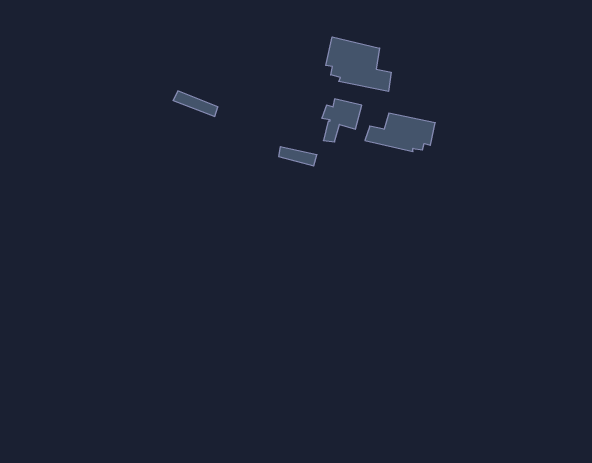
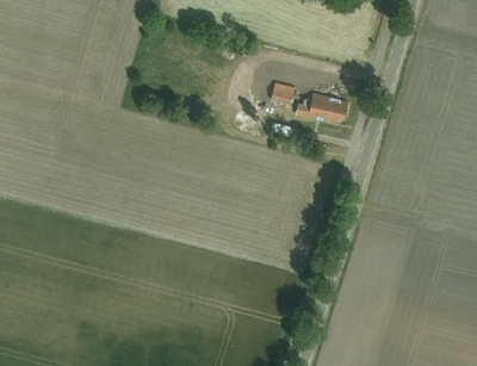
building: [326,37,391,91] -> none

